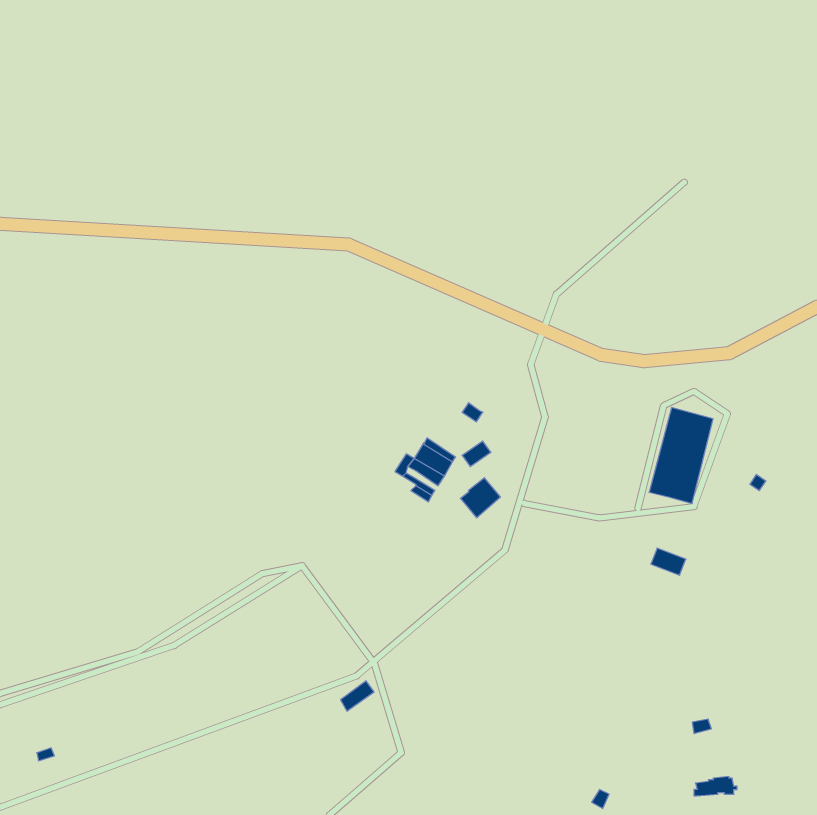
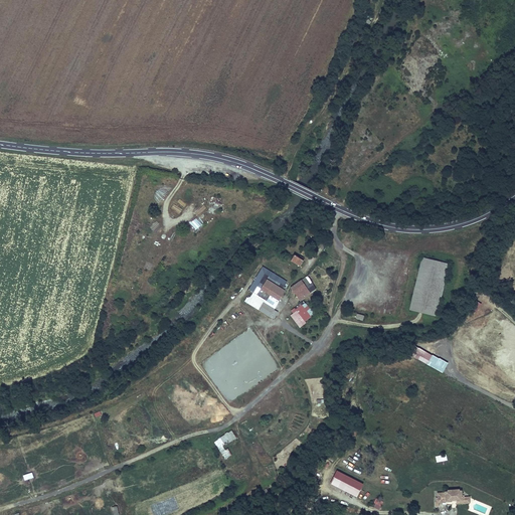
building: none -> [330,470,363,495]

